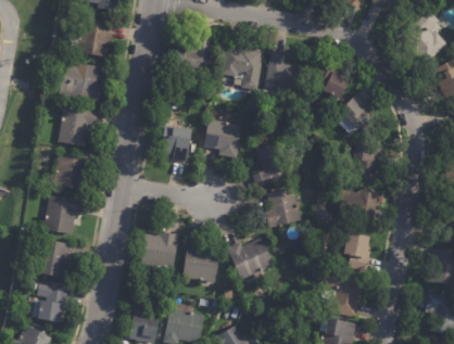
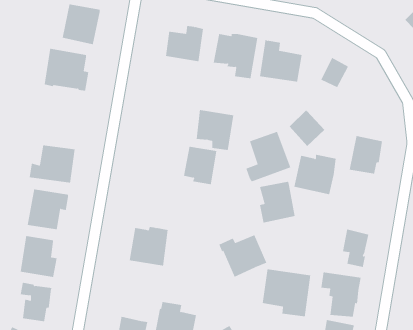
building: [340,94,375,130] -> [289,109,325,147]
building: [58,105,98,146] -> none
building: [160,125,192,162] -> [183,146,217,185]
building: [339,189,380,228] -> [294,154,337,195]
building: [181,246,219,290] -> none
building: none -> [262,268,311,317]

